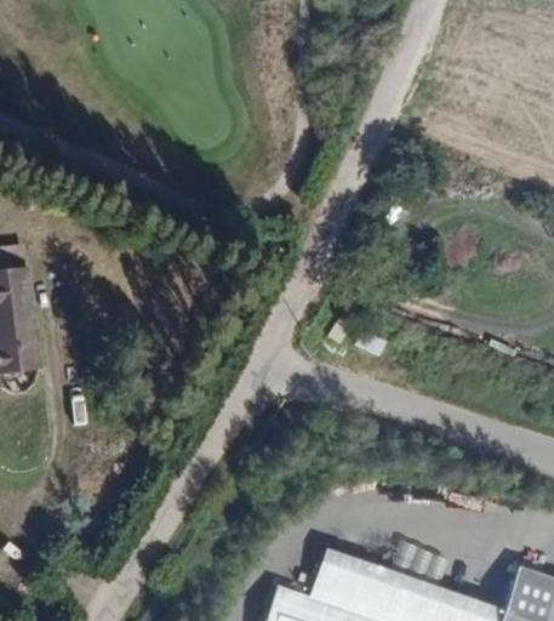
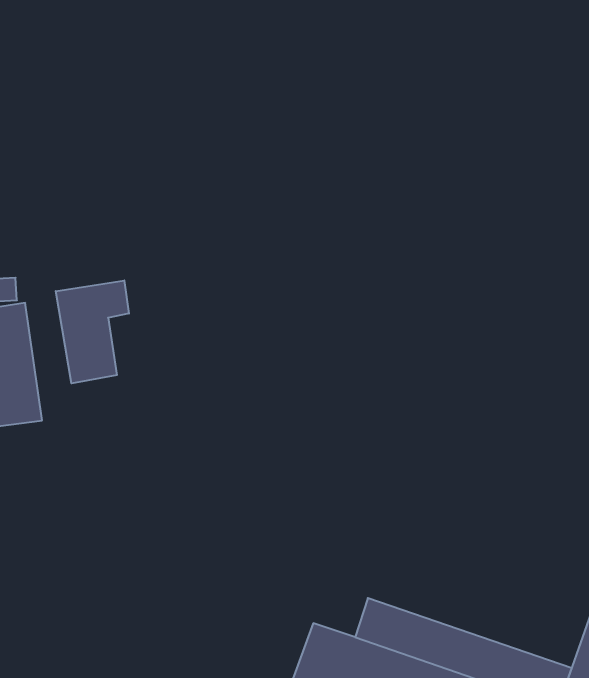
building: none -> [56,280,129,383]

